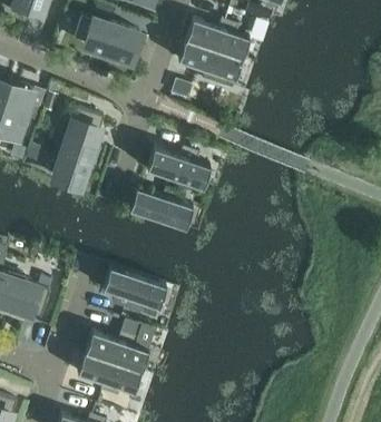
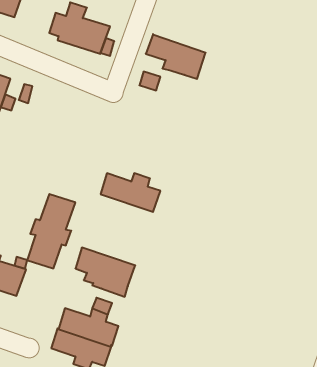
building: [186,20,250,61] -> none
building: [53,109,105,188] -> [27,194,75,268]
building: [147,148,211,189] -> none

